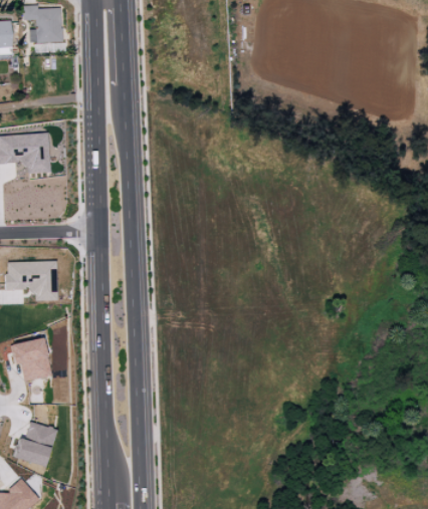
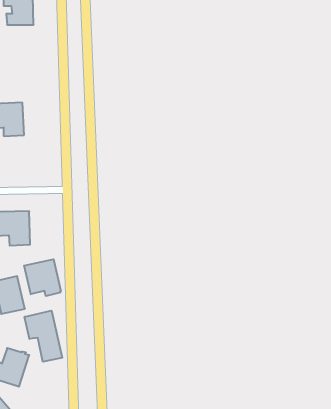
building: none -> [24,259,61,296]
building: none -> [25,311,62,362]

